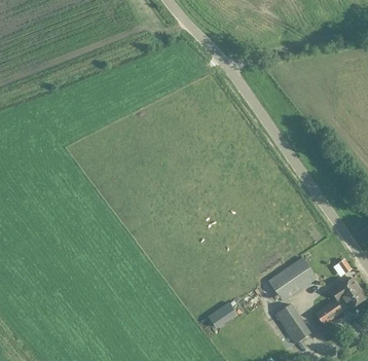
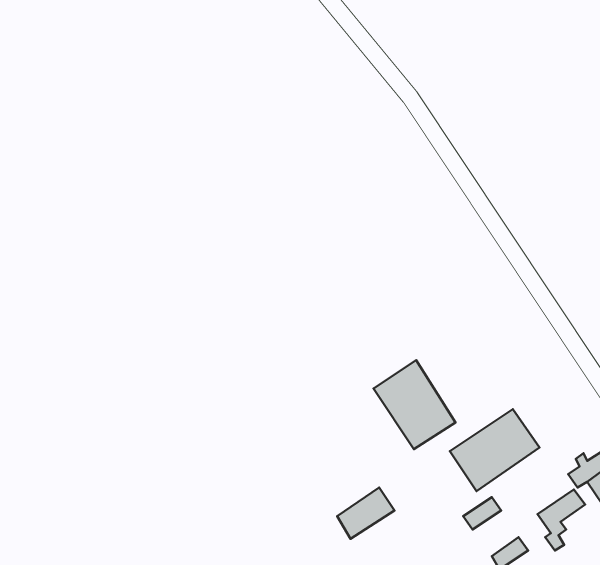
building: none -> [373,360,456,449]

